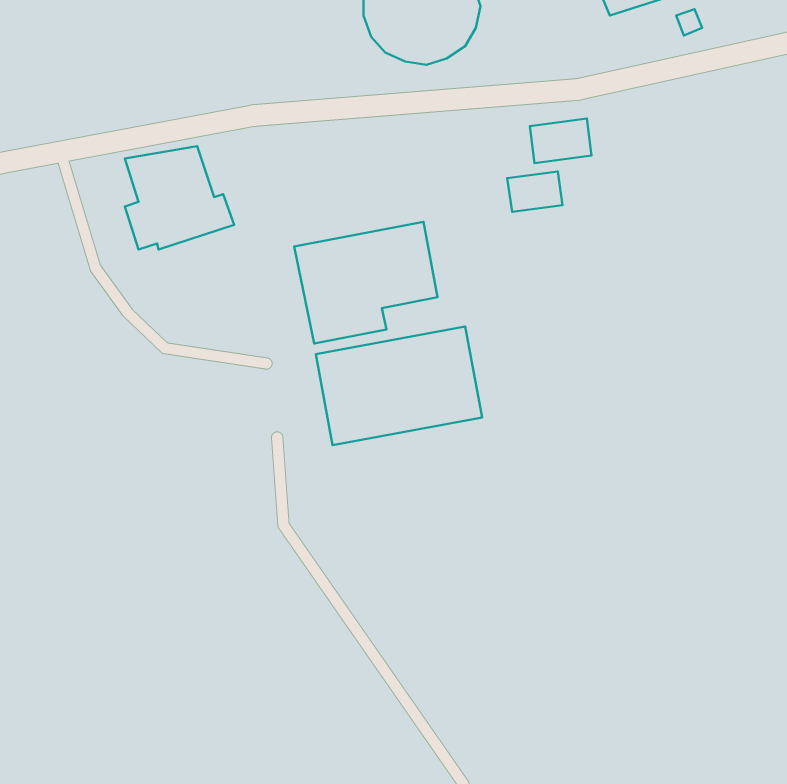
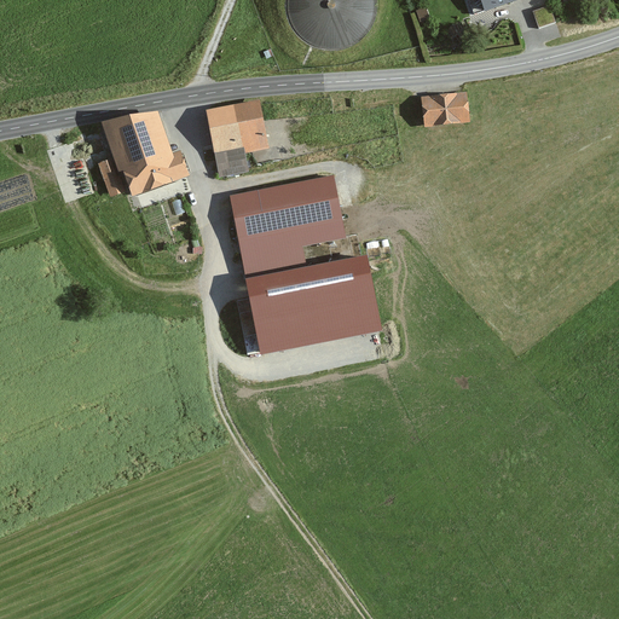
building: none -> [208,99,268,173]
building: [507,171,563,212] -> none

